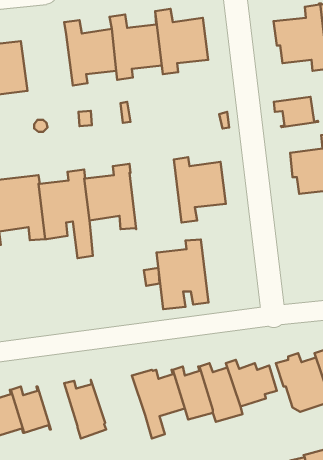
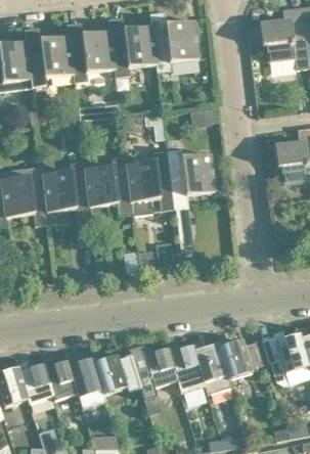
building: none -> [26,28,74,88]
building: [274,97,318,127] -> none
building: [157,239,209,309] -> [127,151,175,216]
building: none -> [91,351,141,395]
building: none -> [42,358,79,401]

